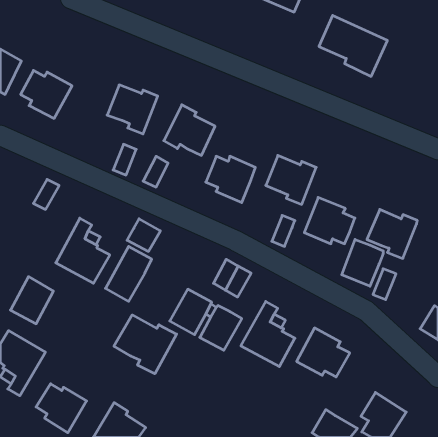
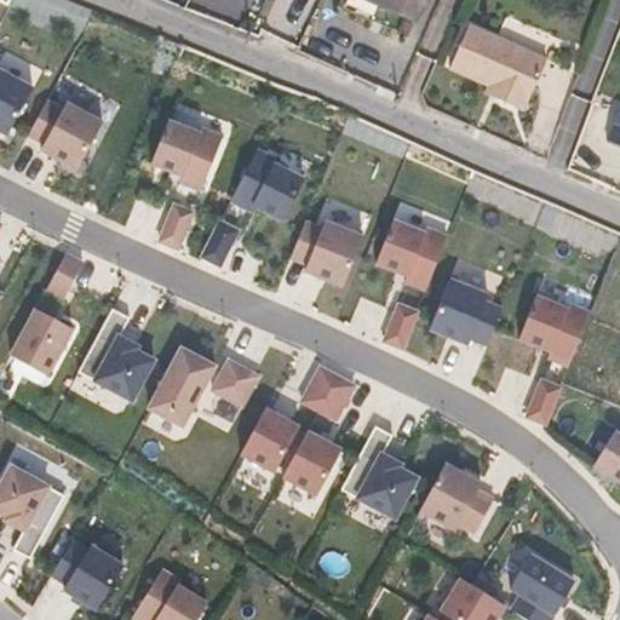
building: [127,219,160,251] -> [212,358,259,404]
building: [342,239,383,286] -> none
building: [10,277,53,324] -> [11,308,71,374]
building: [114,315,177,374] -> none

